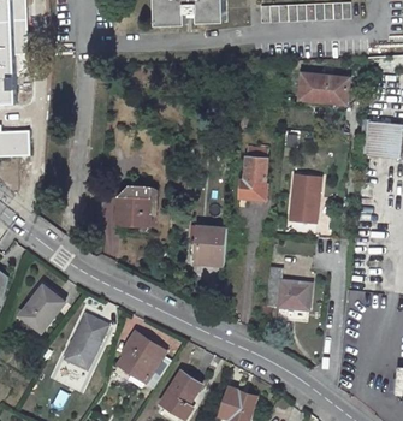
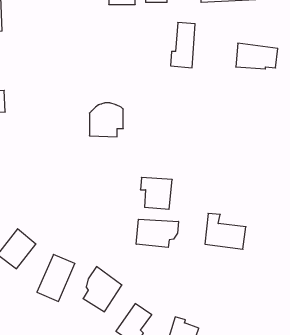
building: [237,146,266,198] -> [171,23,195,68]
building: [290,171,321,219] -> none
building: [117,185,156,225] -> [89,103,123,137]
building: none -> [136,219,178,247]

